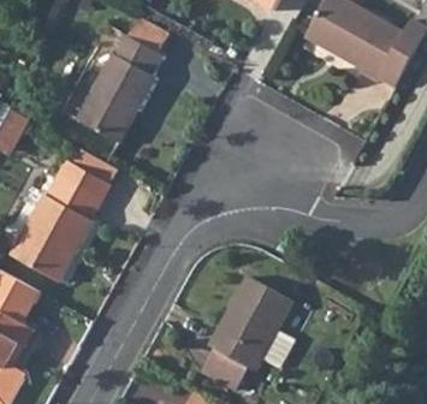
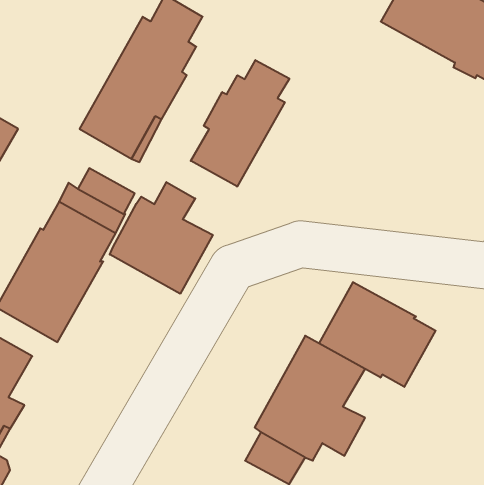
building: none -> [191,60,289,187]
building: none -> [110,182,213,294]
building: none -> [319,282,436,387]

